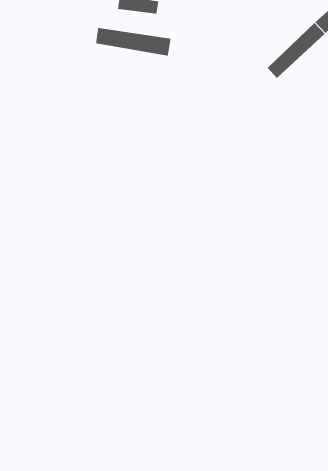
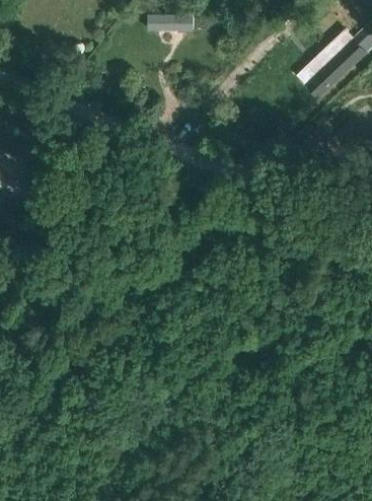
building: [95,27,171,57] -> none

